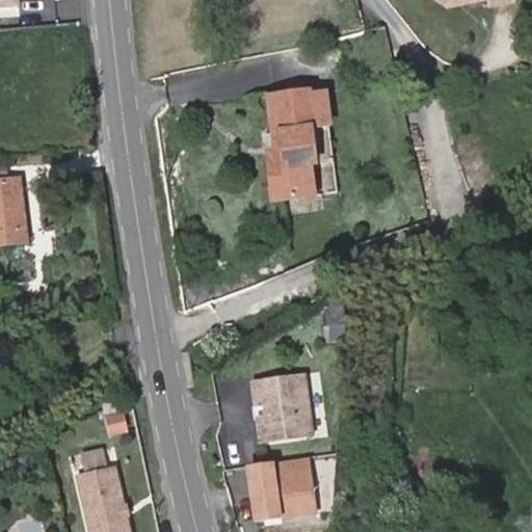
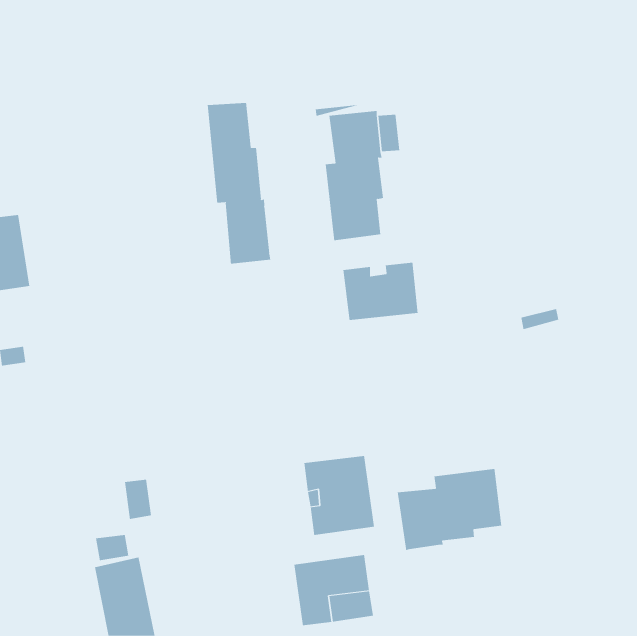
building: none -> [207,102,271,264]
building: none -> [343,262,418,321]
building: none -> [397,468,502,551]

